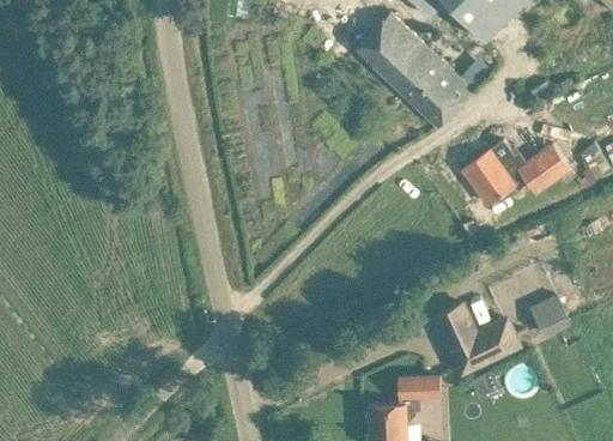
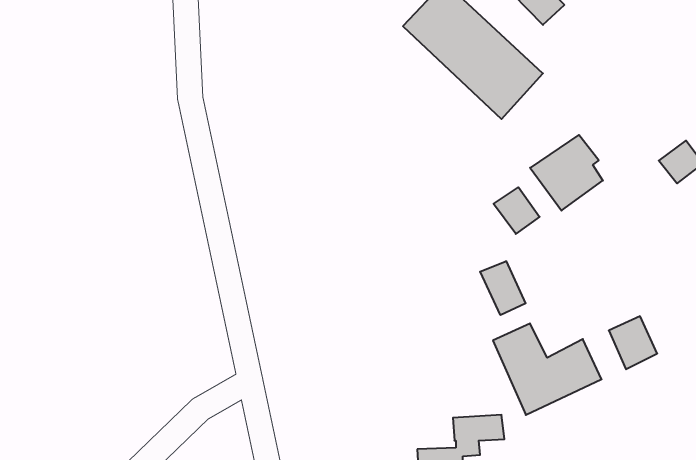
building: [516,139,571,192] -> none
building: none -> [494,187,540,234]
building: none -> [480,261,526,315]

